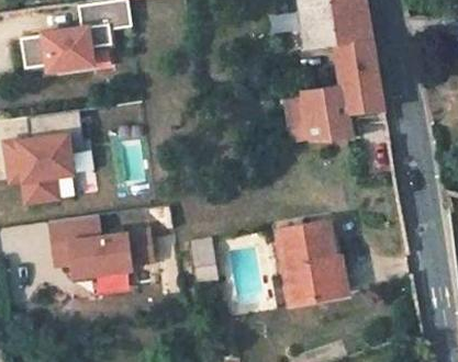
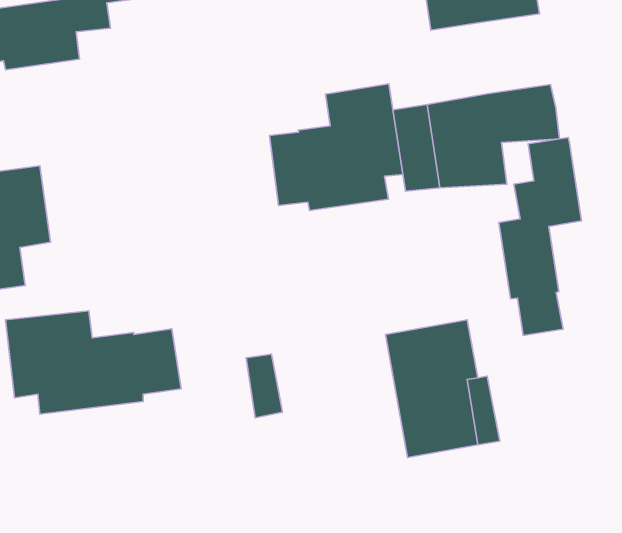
building: [335,37,379,86] -> none
building: none -> [269,84,403,210]
building: none -> [499,137,582,335]

